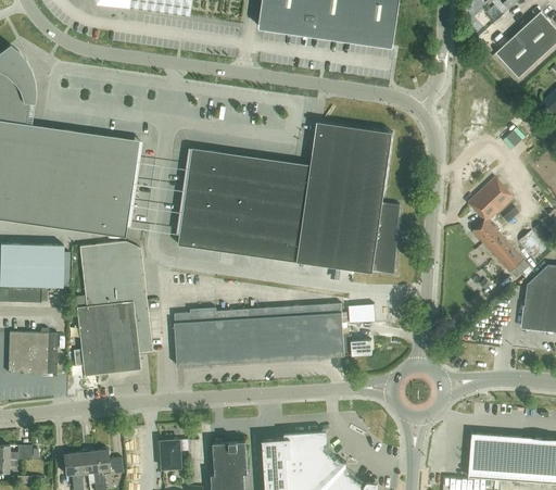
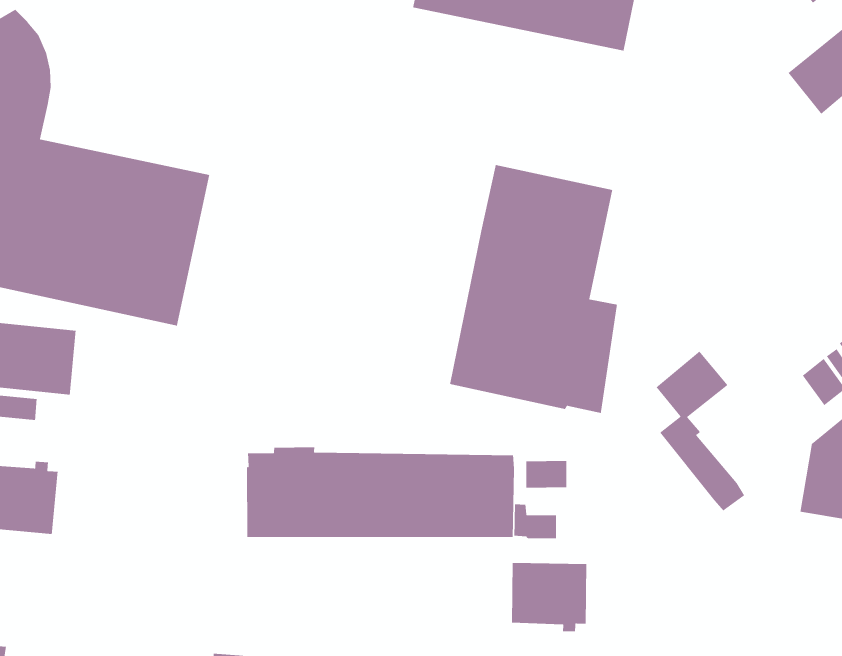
building: [178,149,311,263] -> none
building: [468,178,529,278] -> [655,350,745,511]
building: [73,242,152,376] -> none
building: none -> [511,562,587,632]

